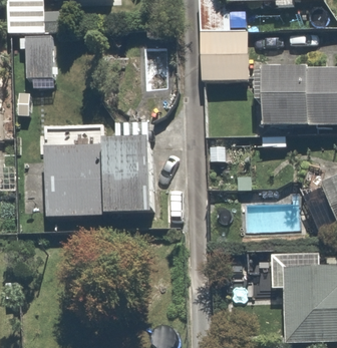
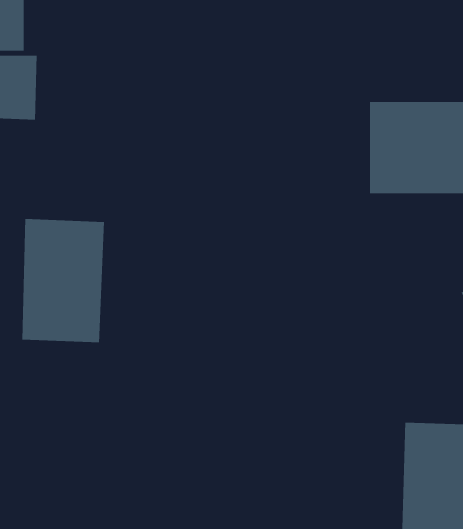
building: [201,29,251,80] -> none
building: [99,120,146,212] -> none

